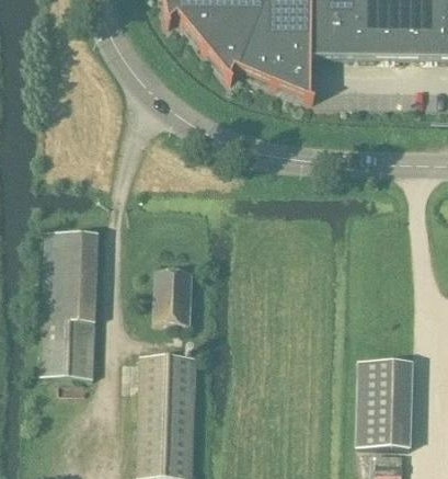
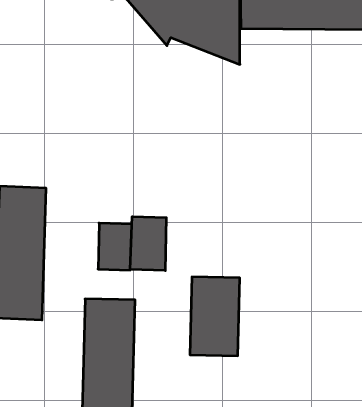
building: none -> [130,217,166,271]
building: [357,360,412,446] -> [190,277,240,356]

